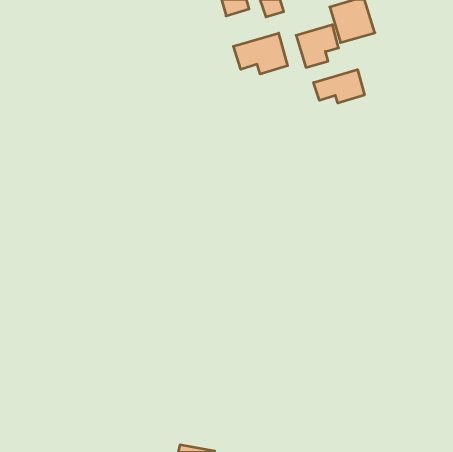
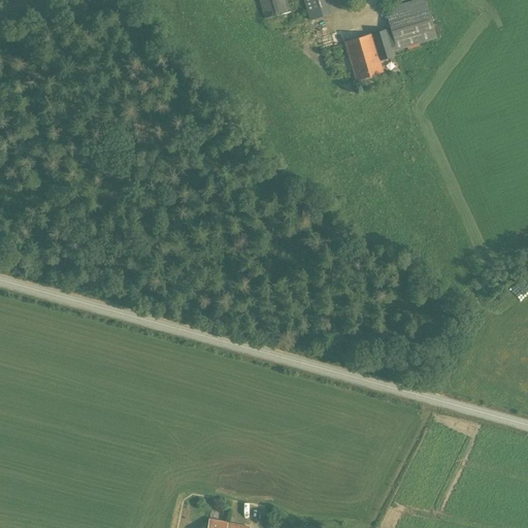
building: [233,33,288,74] -> none
building: [314,70,364,103] -> none

